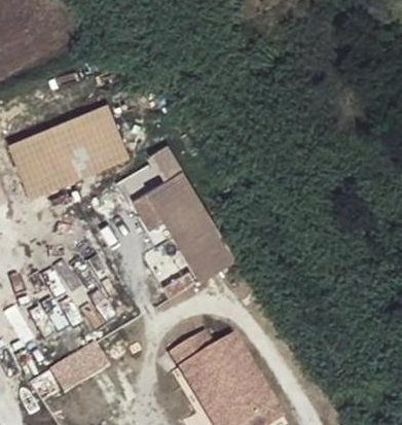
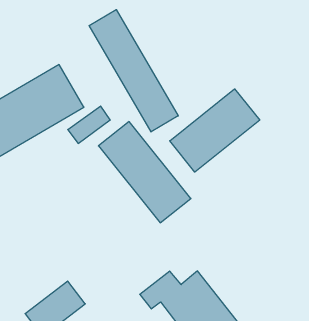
building: none -> [89,10,178,132]
building: none -> [170,89,260,172]

